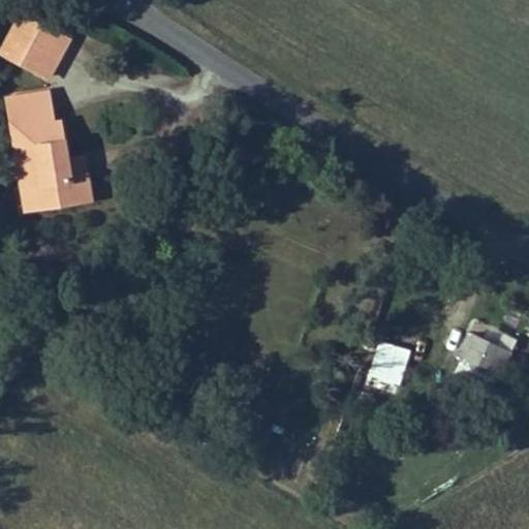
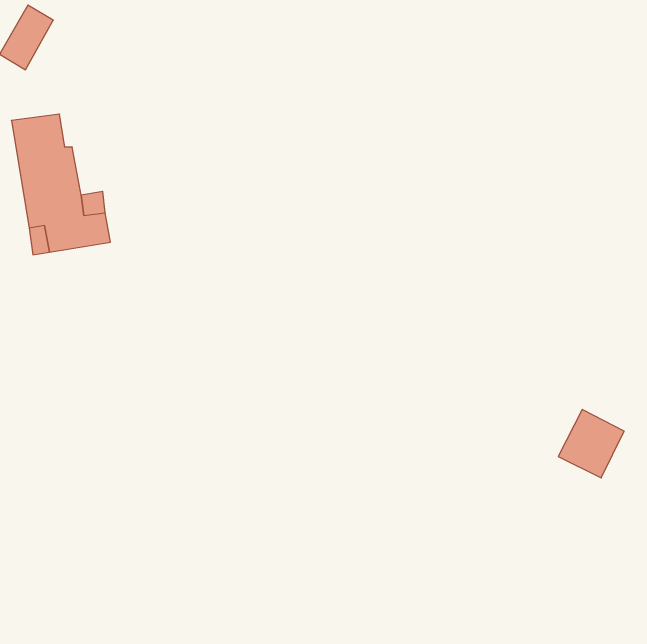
building: [22,20,70,74] -> none
building: [368,341,409,385] -> none

